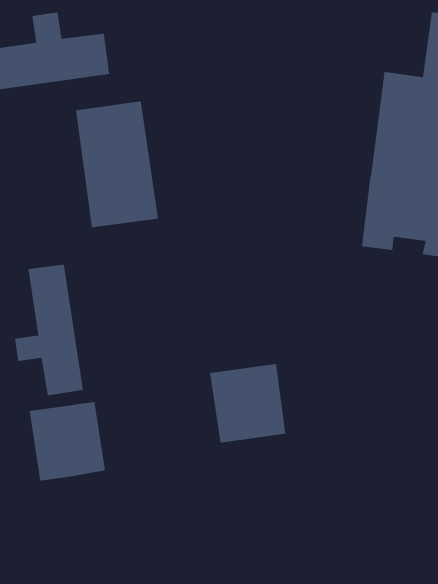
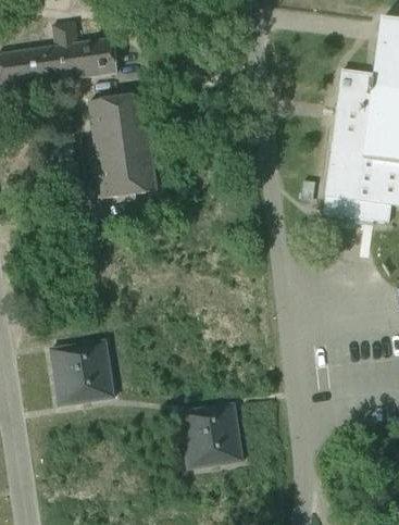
building: [14,264,83,396] -> none
building: [209,364,286,443] -> [178,402,241,467]

